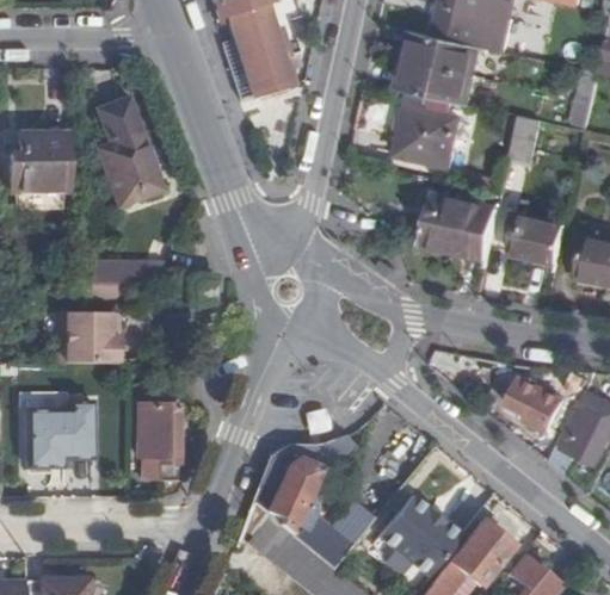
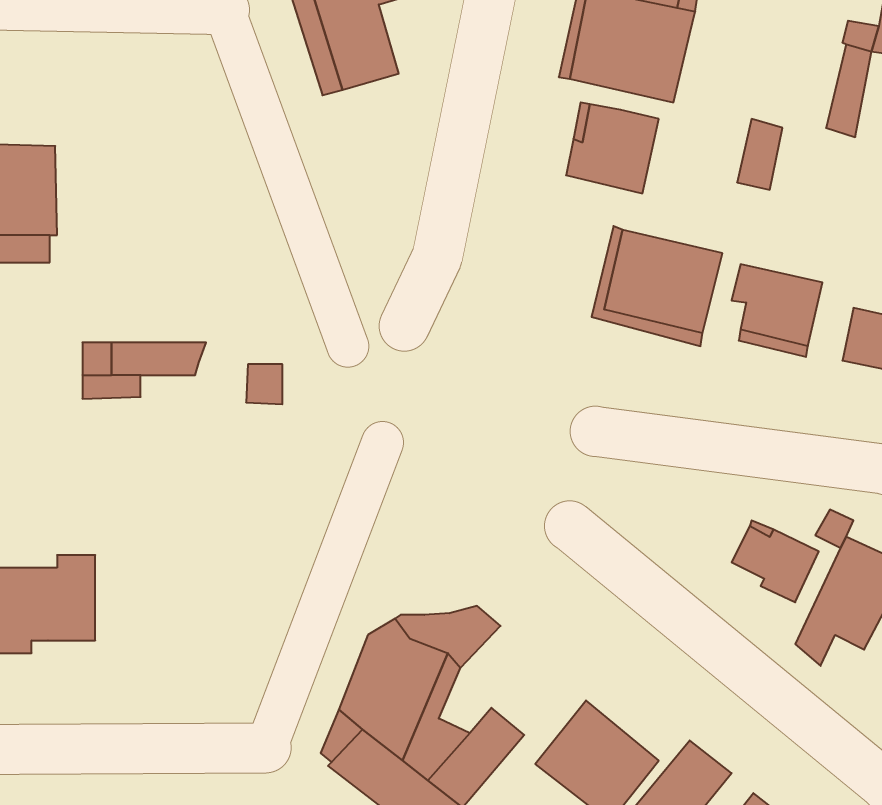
building: [98,99,161,204] -> none
building: [51,312,117,361] -> none
building: [137,402,179,476] -> none

